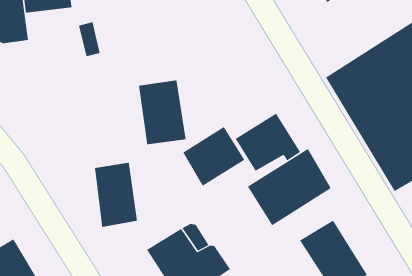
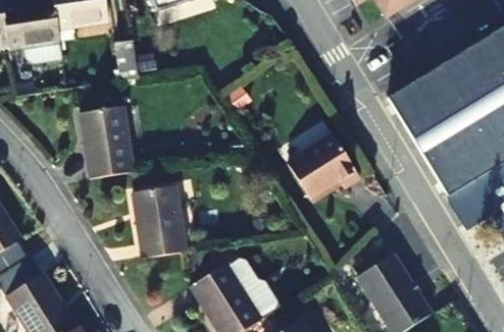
building: [138,80,187,145] -> [80,109,133,180]
building: [182,126,245,187] -> none
building: [247,148,332,226] -> none

